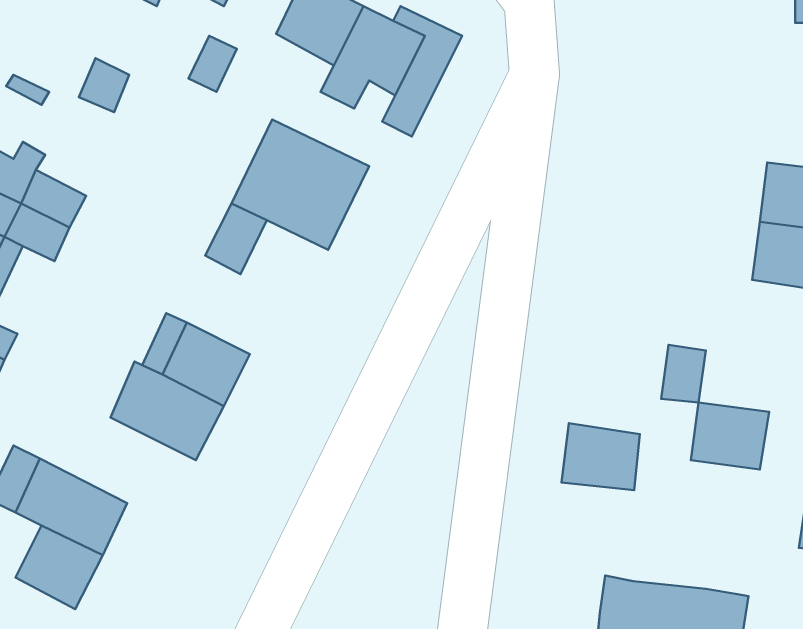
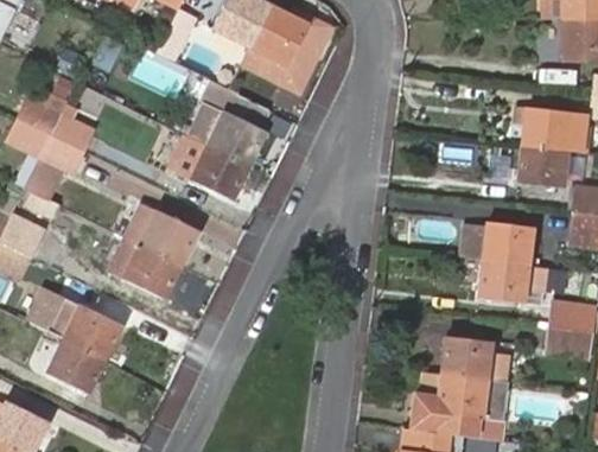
building: none -> [191,144,247,198]
building: none -> [483,221,533,266]
building: [562,423,640,490] -> [441,336,491,378]

